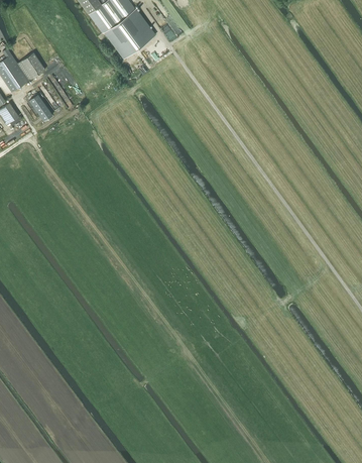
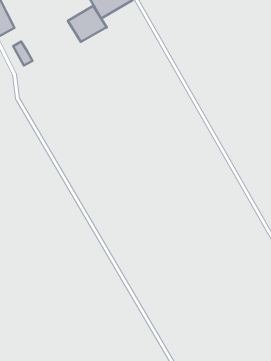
building: none -> [68,6,107,42]
building: [18,52,45,80] -> none

